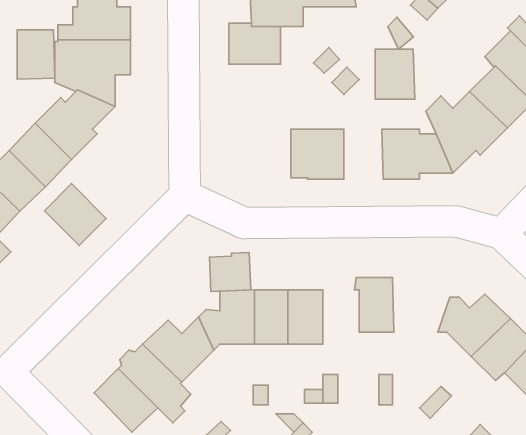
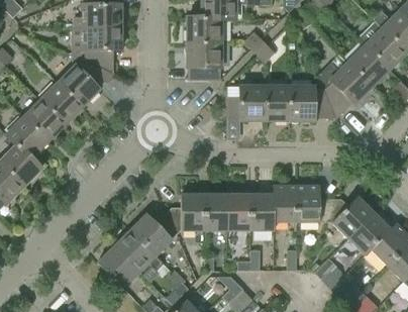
building: [17,30,55,79] -> none
building: [375,49,415,99] -> [264,87,290,120]
building: none -> [187,43,221,79]
building: [44,184,106,246] -> none
building: [209,252,251,292] -> none
building: none -> [296,186,334,222]
building: none -> [249,194,274,230]

